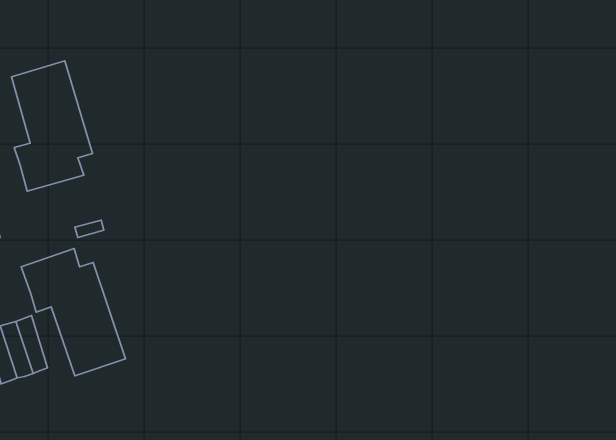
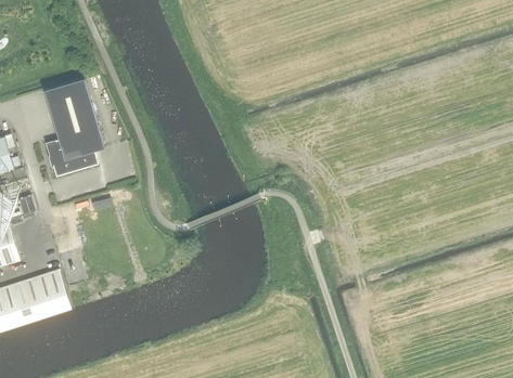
building: [21,248,125,376] -> none

